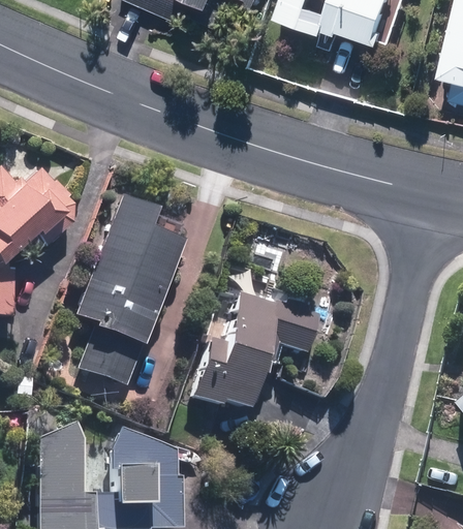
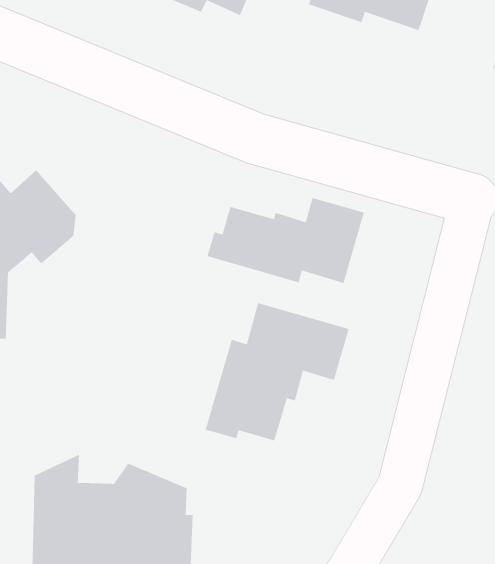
building: none -> [207,197,365,284]
building: [72,189,190,387] -> none

